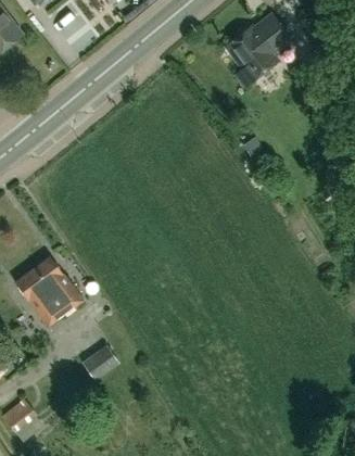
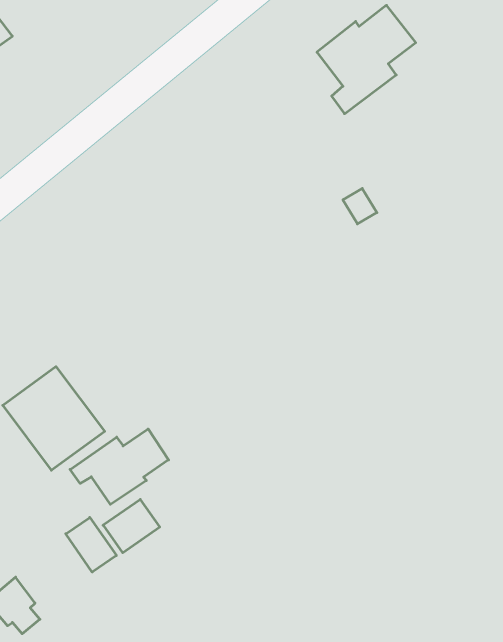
building: none -> [70,429,169,504]
building: none -> [66,517,116,572]

